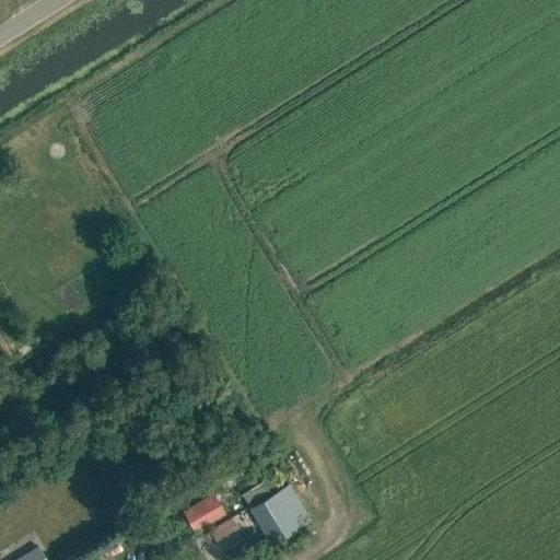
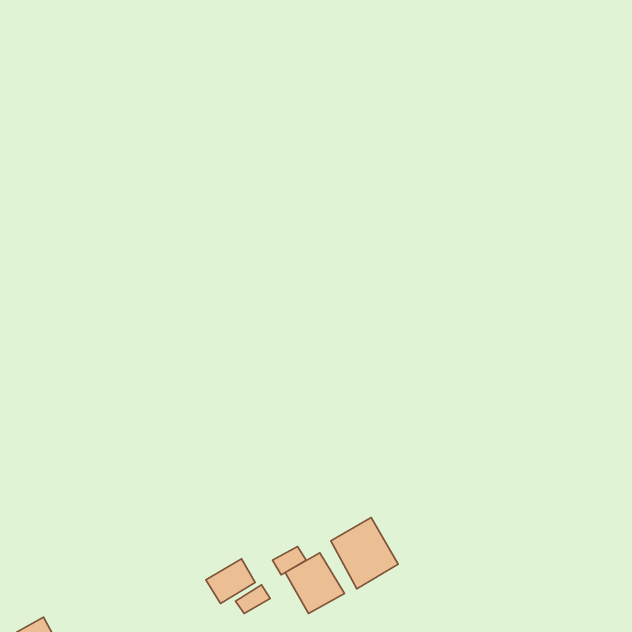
building: none -> [331,517,398,589]

